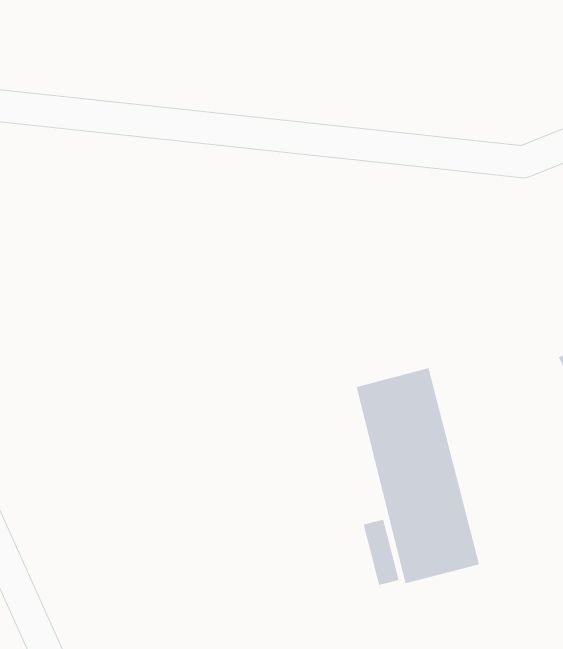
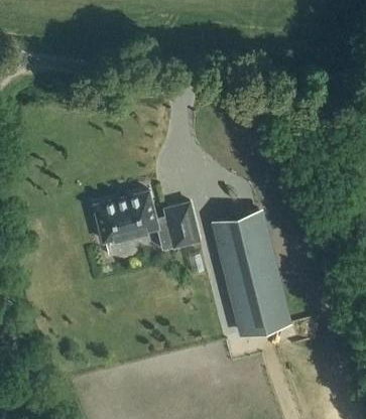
building: none -> [95,193,201,253]

